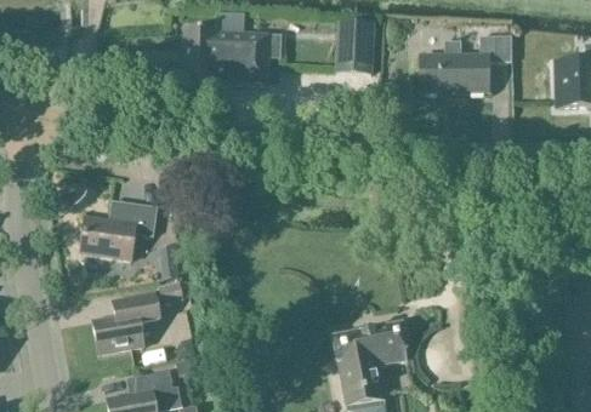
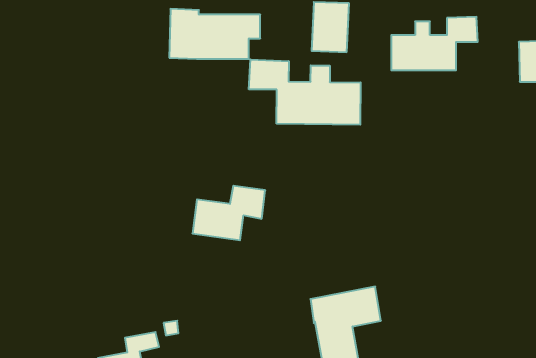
building: none -> [249,59,361,125]
building: [80,201,158,259] -> [192,186,265,240]
building: [92,292,158,354] -> none

